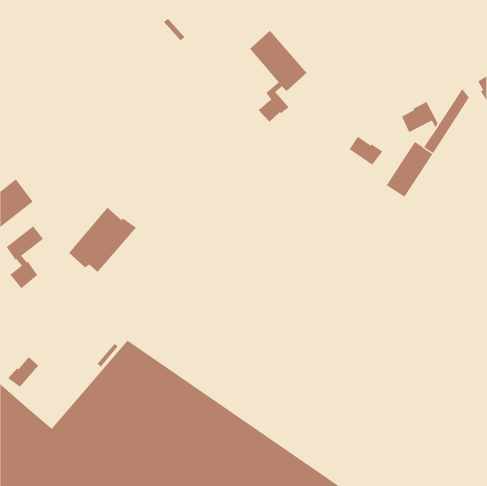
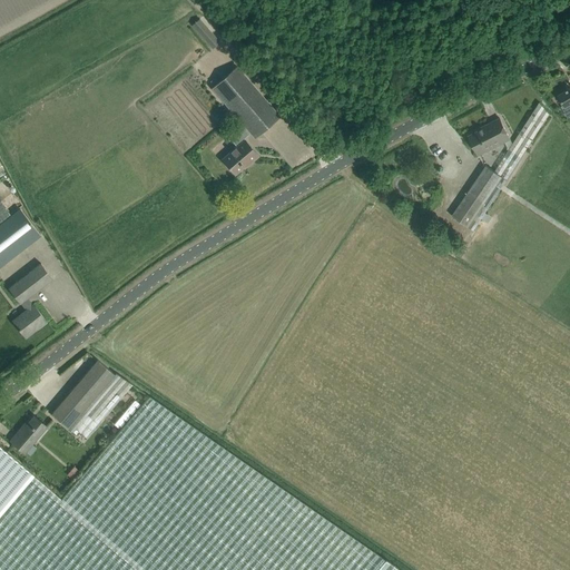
building: [249,30,308,122] -> [210,68,278,176]
building: [349,136,383,166] -> none
building: [68,207,137,273] -> [50,362,130,439]

